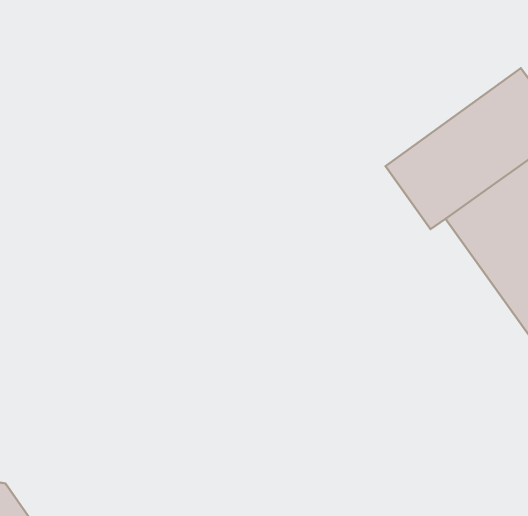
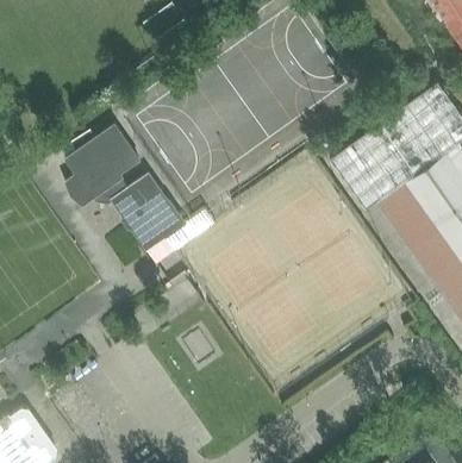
building: none -> [63,125,139,206]
building: none -> [112,174,182,250]

